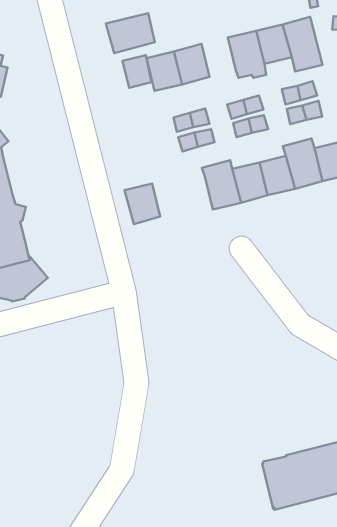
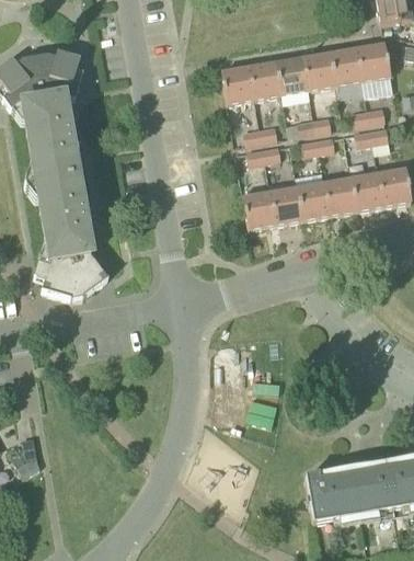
building: [106,13,155,53] -> none
building: none -> [276,57,308,94]
building: [123,55,152,88] -> none
building: [125,184,160,224] -> [242,192,275,230]

